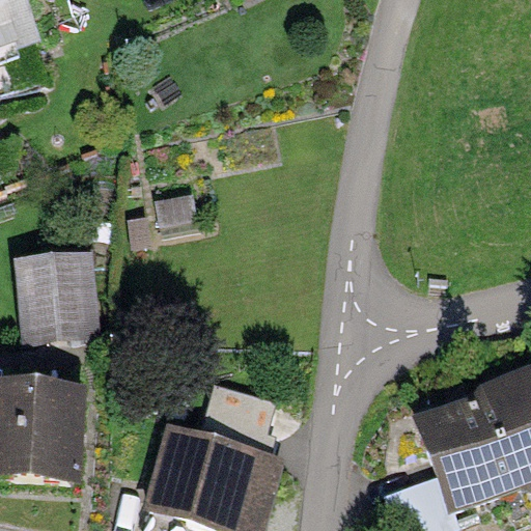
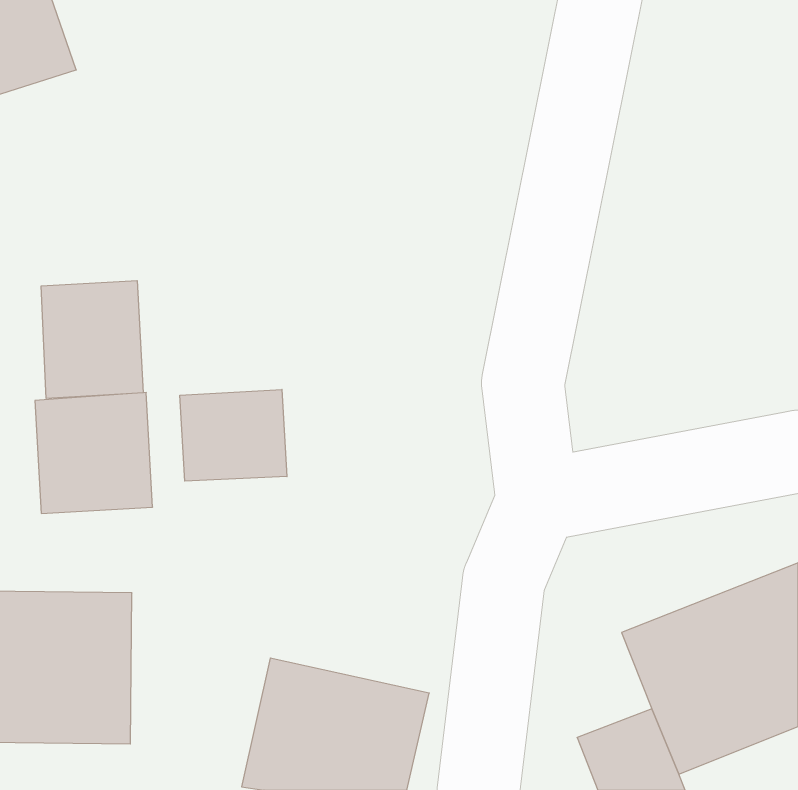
building: none -> [41,281,143,398]
building: none -> [180,389,287,481]

